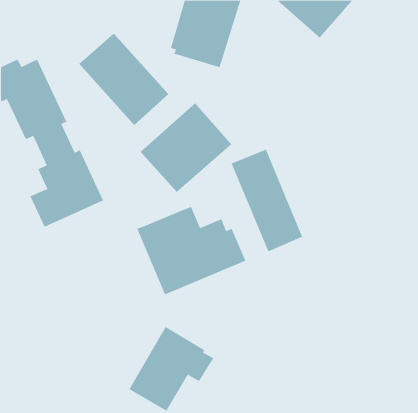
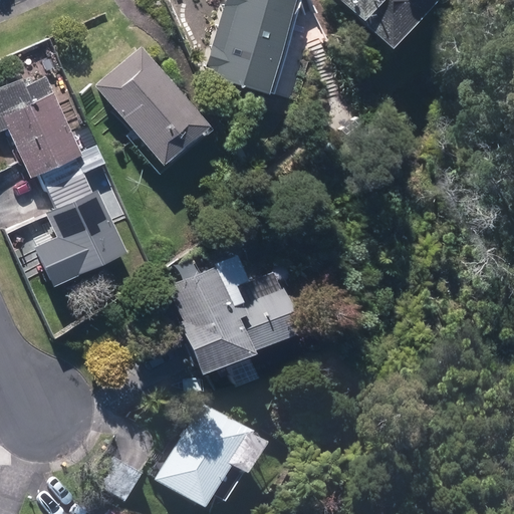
building: [140,102,232,193] -> none
building: [231,149,303,252] -> none

